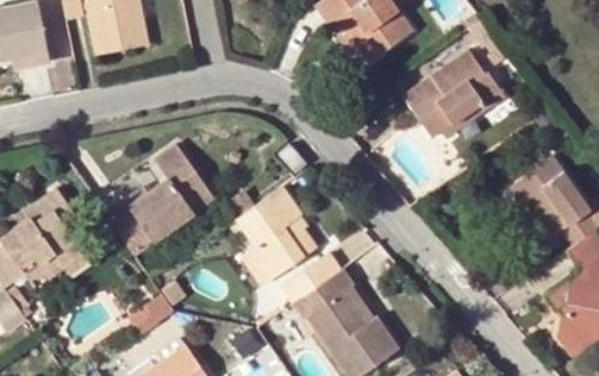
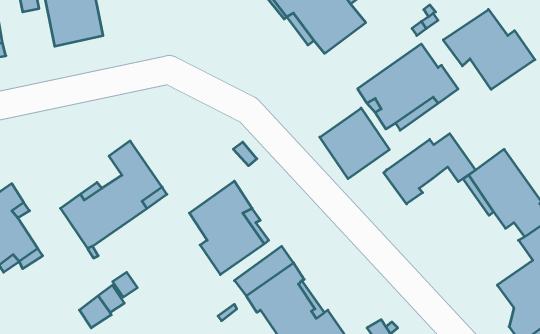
building: none -> [443,9,535,89]
building: none -> [320,108,389,179]
building: none -> [384,134,476,204]

